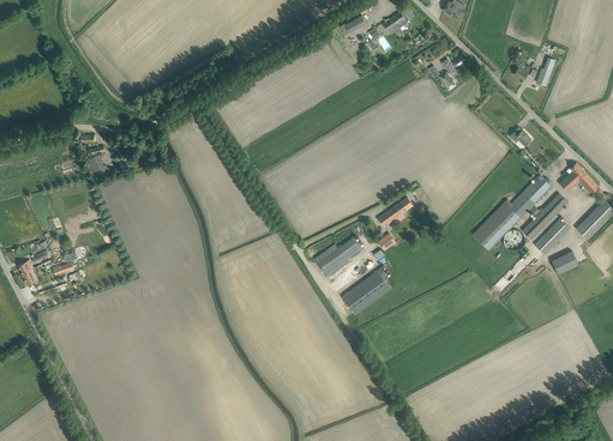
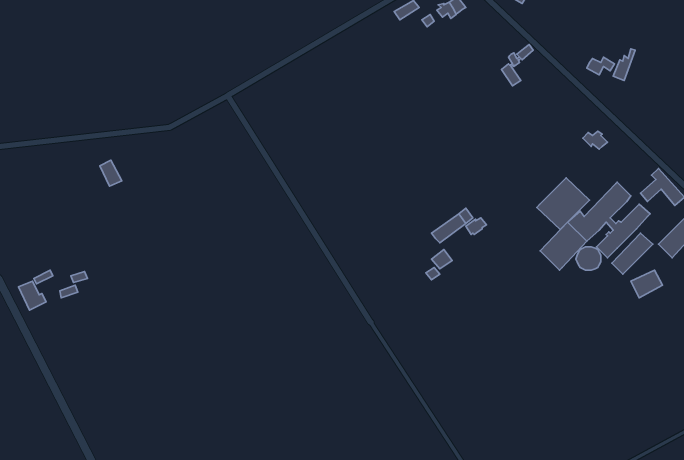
building: none -> [537,178,590,230]
building: [314,236,362,276] -> none
building: [342,266,391,314] -> none

